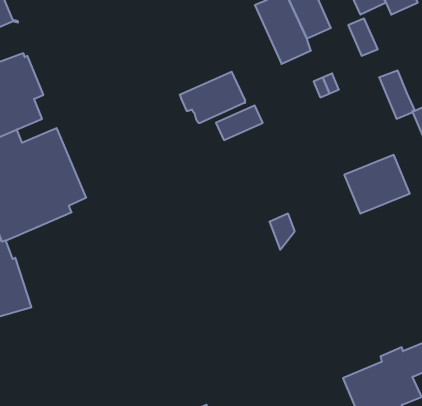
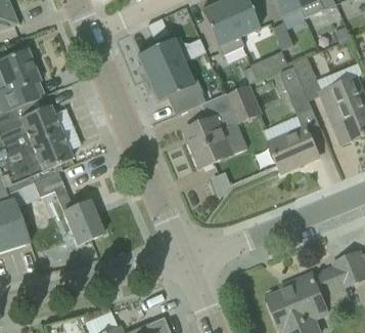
building: none -> [136,38,182,79]
building: none -> [279,64,312,113]
building: none -> [185,84,260,166]
building: none -> [33,169,102,244]

